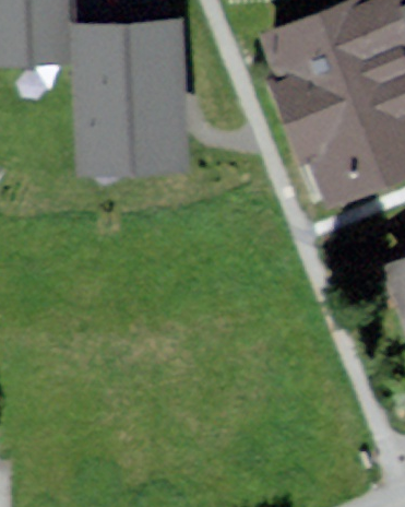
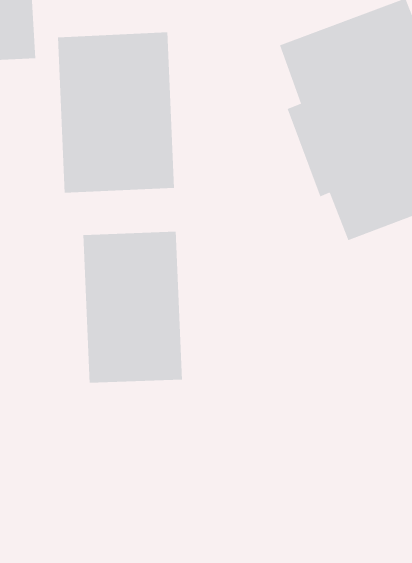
building: none -> [83,231,182,384]

